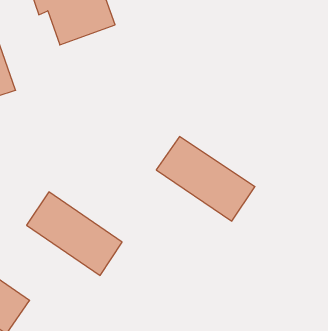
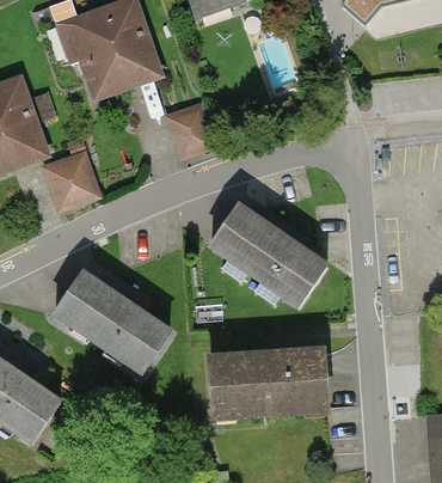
building: none -> [171,105,213,152]
building: none -> [47,154,97,204]
building: none -> [211,351,326,412]

